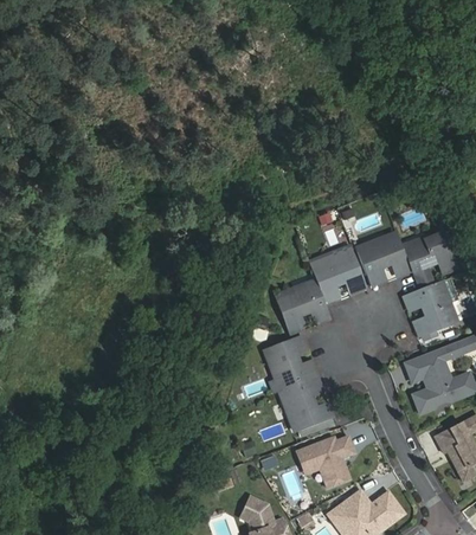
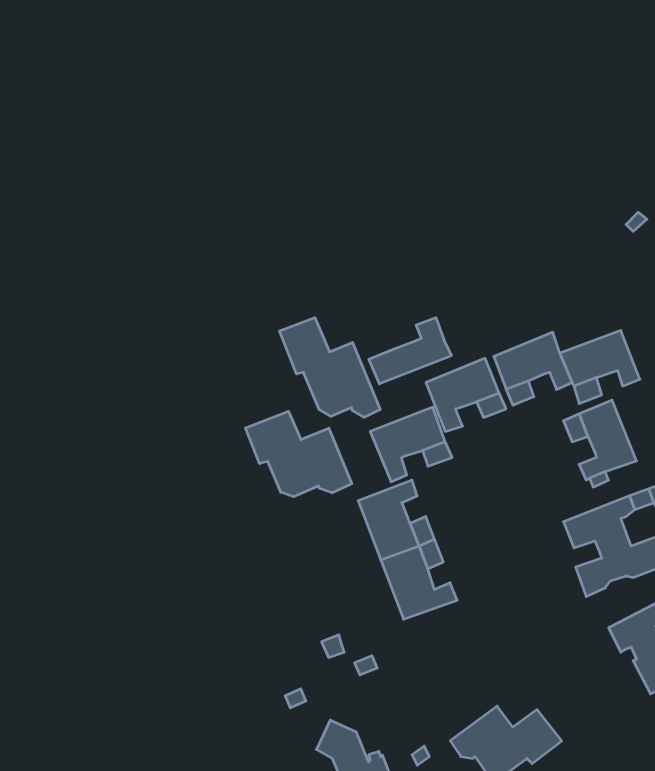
building: none -> [279,318,380,417]
building: none -> [369,318,451,384]
building: none -> [245,411,352,497]
building: [296,436,352,486] -> none

